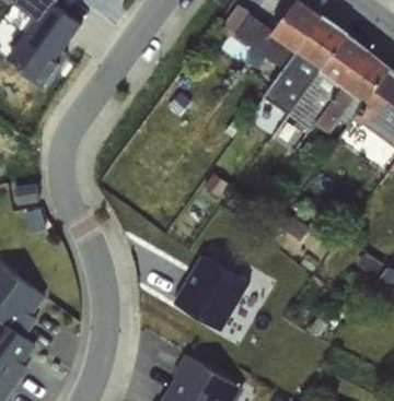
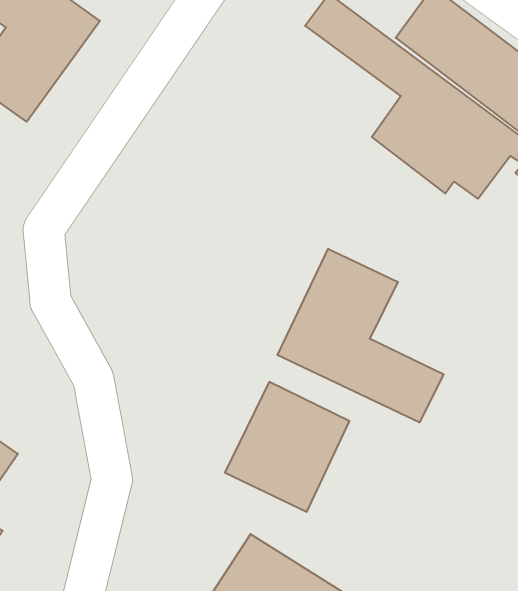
building: none -> [277,249,443,422]

